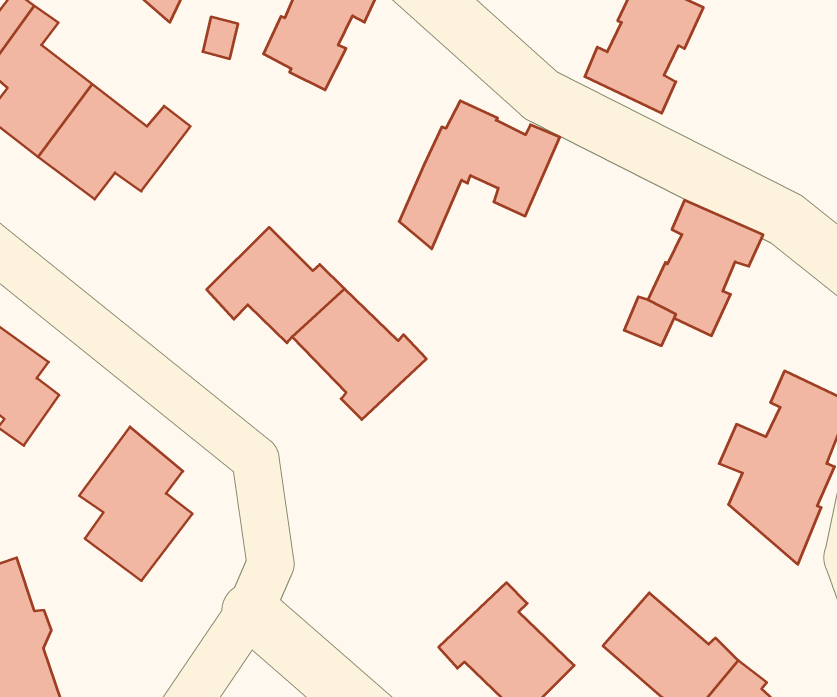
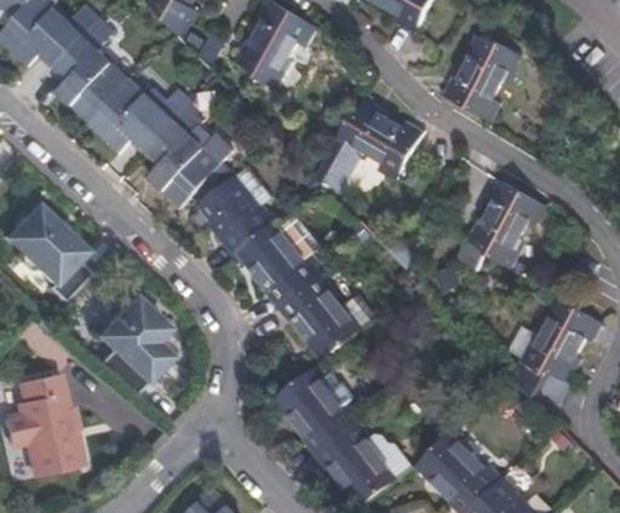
building: none -> [149,106,220,203]
building: none -> [279,269,362,353]
building: none -> [275,367,362,454]

